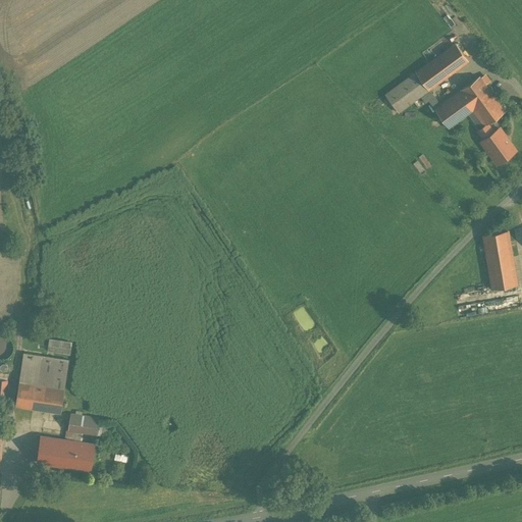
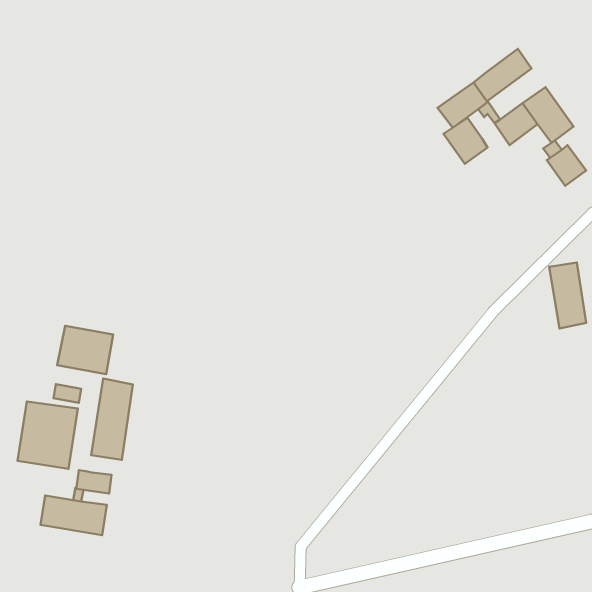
building: none -> [443,118,488,164]
building: none -> [57,326,113,374]
building: none -> [91,378,133,460]

